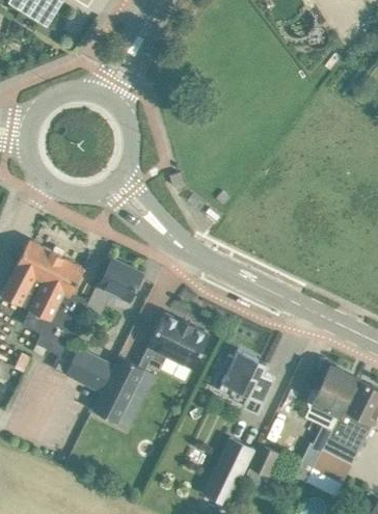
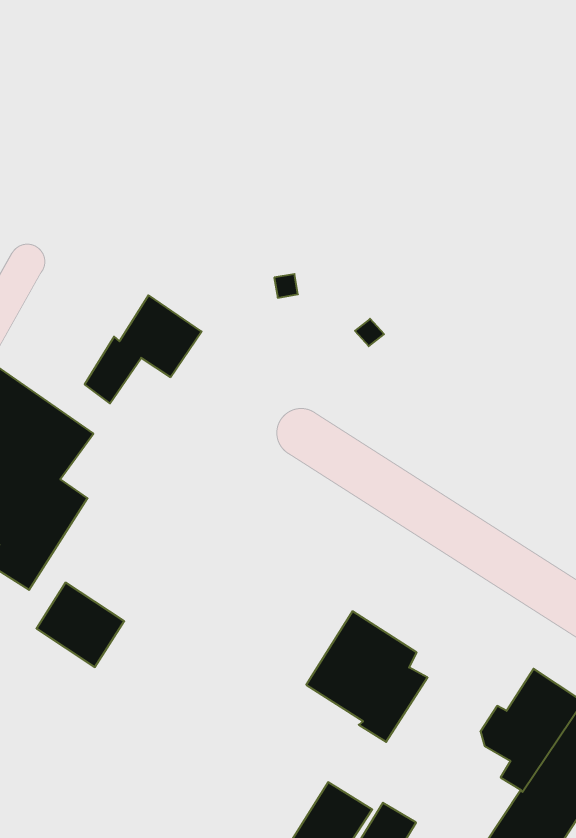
building: [84,259,142,318] -> [85,295,202,403]
building: [92,313,209,423] -> none

